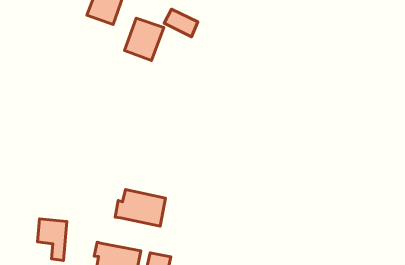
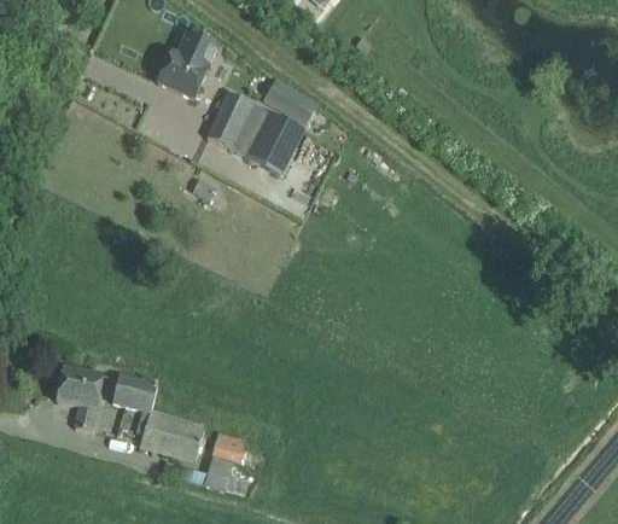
building: none -> [250,112,303,171]
building: [115,190,166,226] -> none
building: none -> [112,374,158,411]

